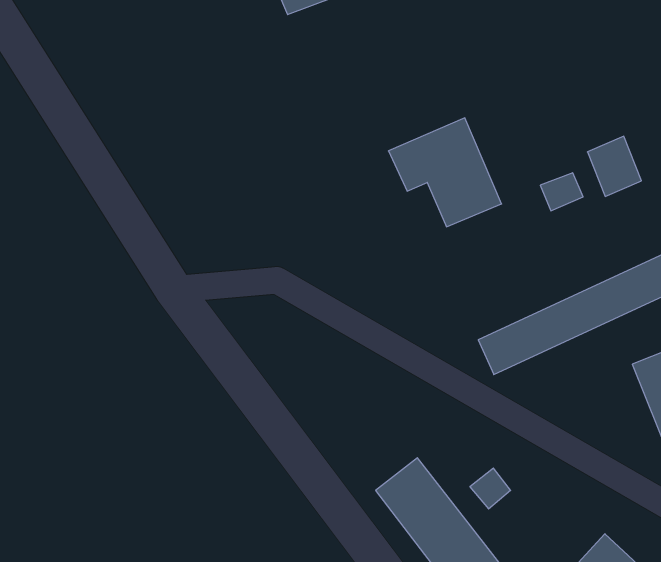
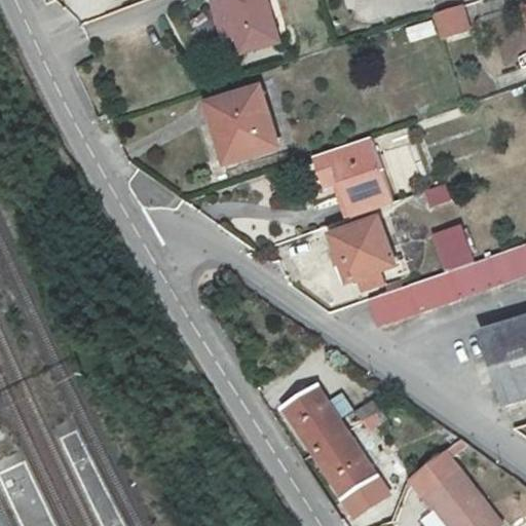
building: none -> [215,88,278,162]
building: [587,136,641,196] -> [434,226,472,269]
building: none -> [331,222,393,291]

